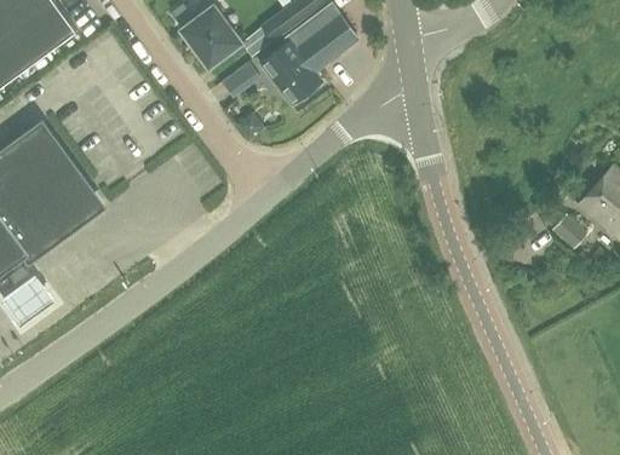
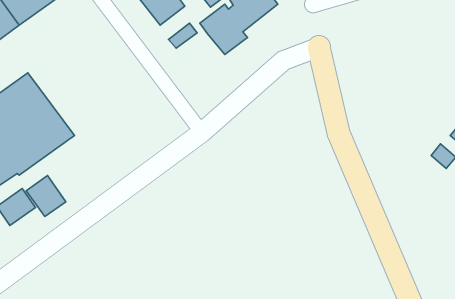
building: none -> [26,176,66,216]

